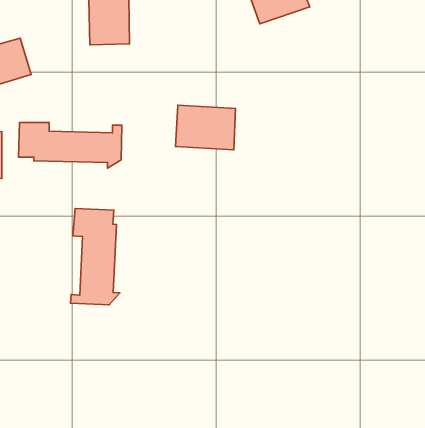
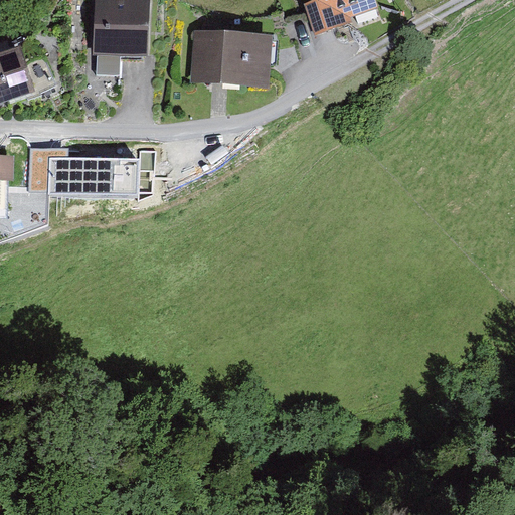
building: [175,105,235,150] -> [184,31,255,84]
building: [71,209,120,305] -> none

